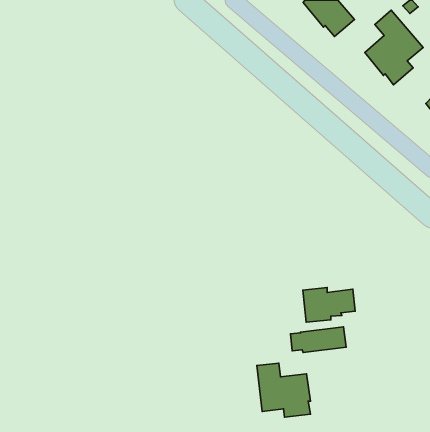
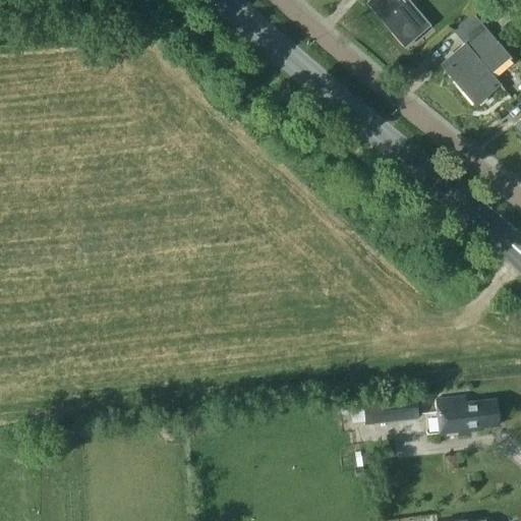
building: [303,288,355,322] -> [438,397,501,439]
building: [257,363,311,417] -> none

